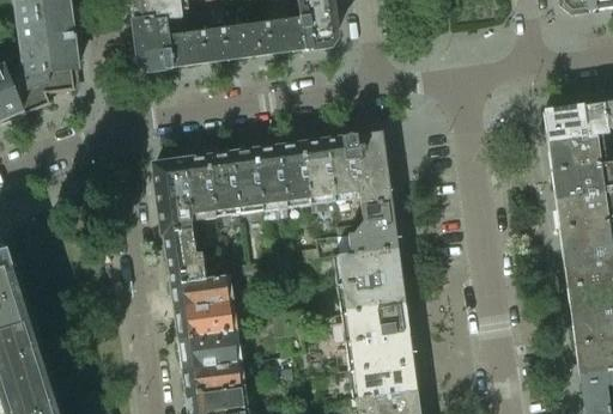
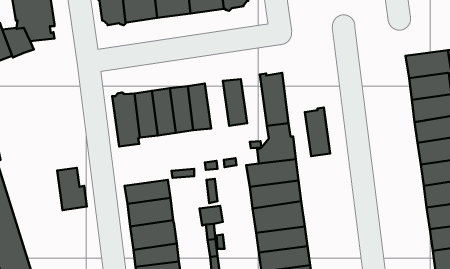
building: [326,135,359,200] -> [305,108,330,156]
building: [278,144,310,207] -> none
building: [164,227,204,284] -> [57,168,87,210]

